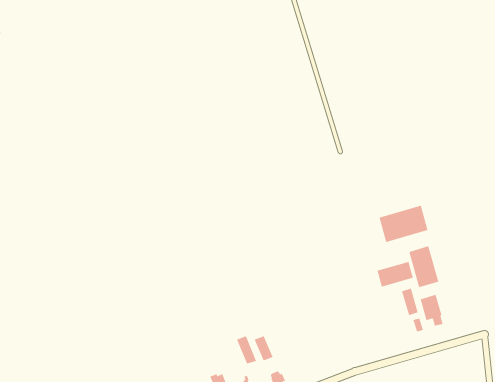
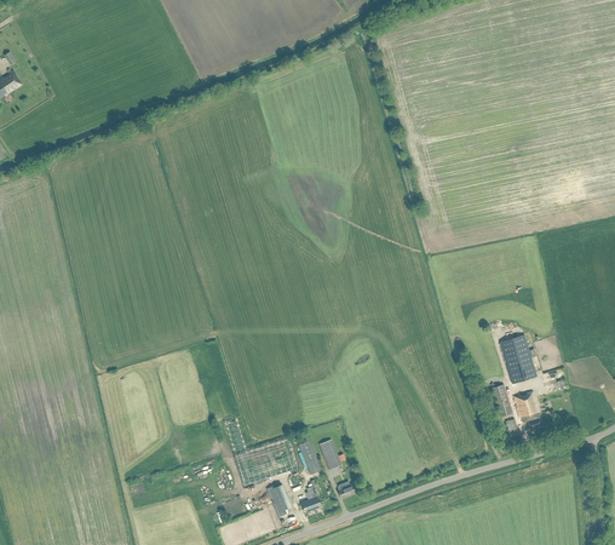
building: [379,205,428,243] -> none
building: [377,261,413,287] -> none

